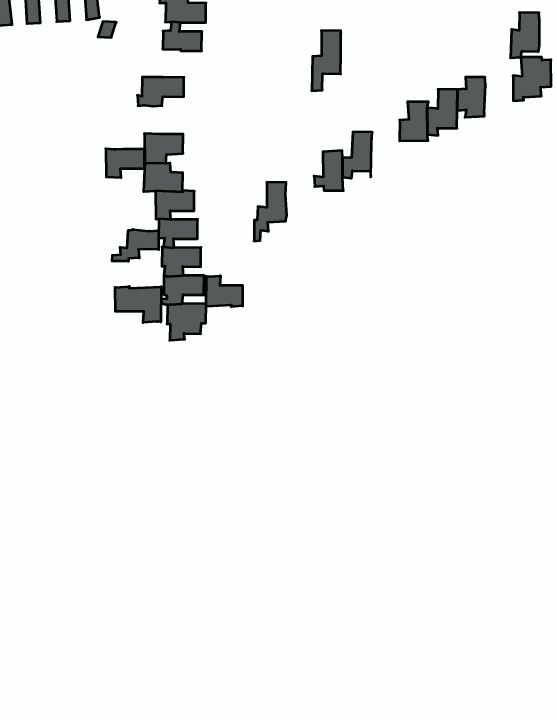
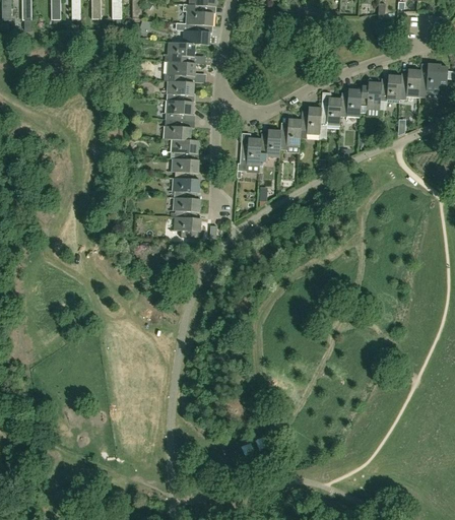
building: [510,13,539,58] -> [399,68,420,99]
building: [312,31,341,91] -> [319,96,341,137]
building: none -> [165,40,195,60]
building: [106,149,145,178] -> [167,78,194,99]
building: none -> [260,128,281,160]
building: [112,229,159,261] -> none
building: [206,276,243,307] -> none
building: [115,286,161,323] -> none

